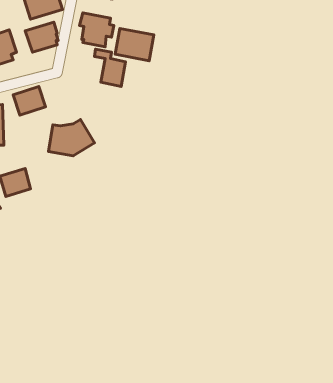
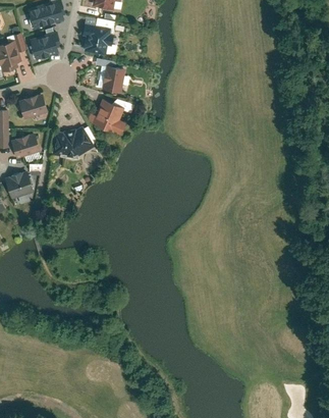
building: [115,28,154,61] -> none
building: none -> [93,99,125,135]
building: none -> [11,132,42,159]

